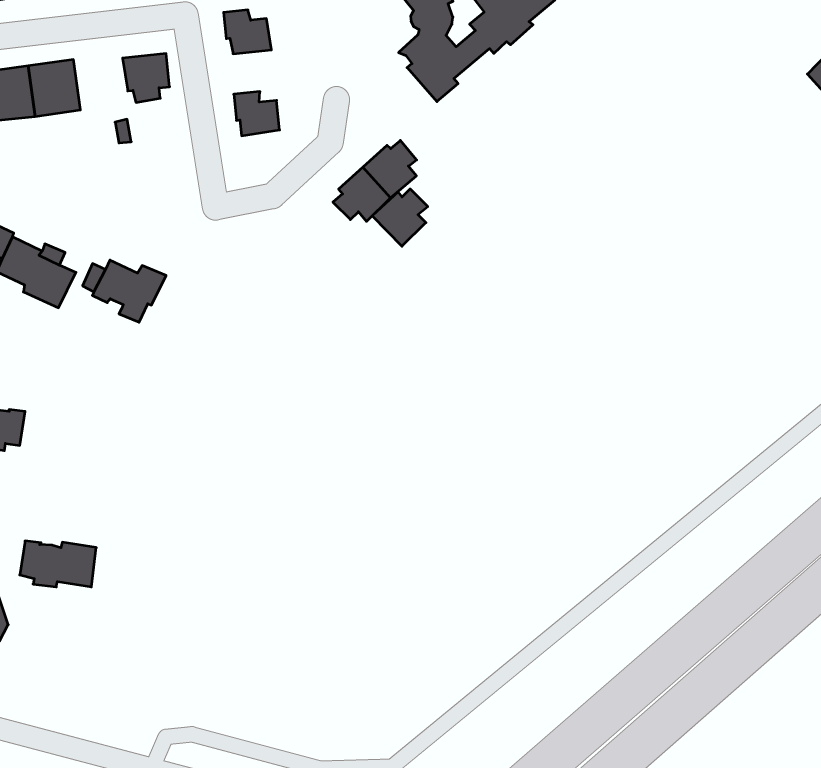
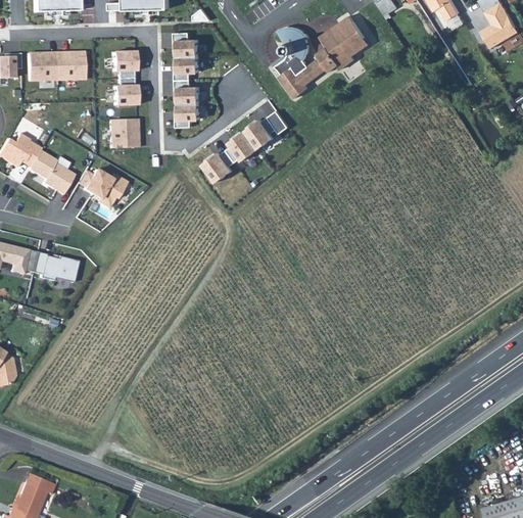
building: none -> [176,56,200,80]
building: none -> [114,78,140,105]
building: none -> [176,103,201,128]
building: none -> [110,117,140,148]
building: [372,189,428,246] -> [203,148,236,181]
building: [20,541,96,587] -> [31,251,77,282]

